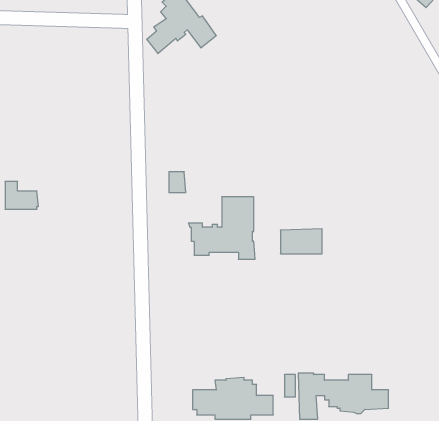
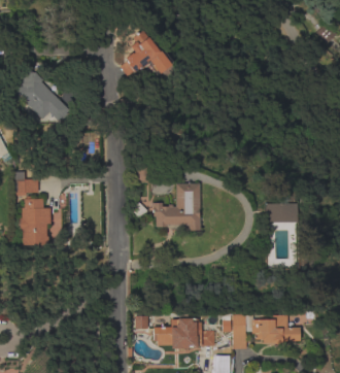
building: none -> [16,72,70,121]
building: none -> [21,196,50,244]
building: [280,229,322,254] -> [265,203,296,222]

